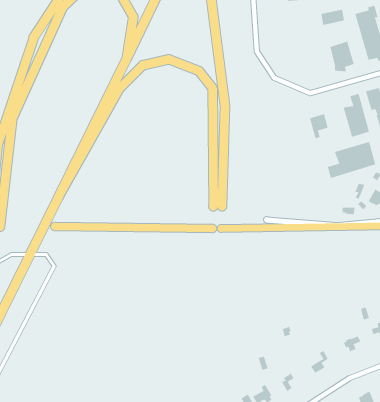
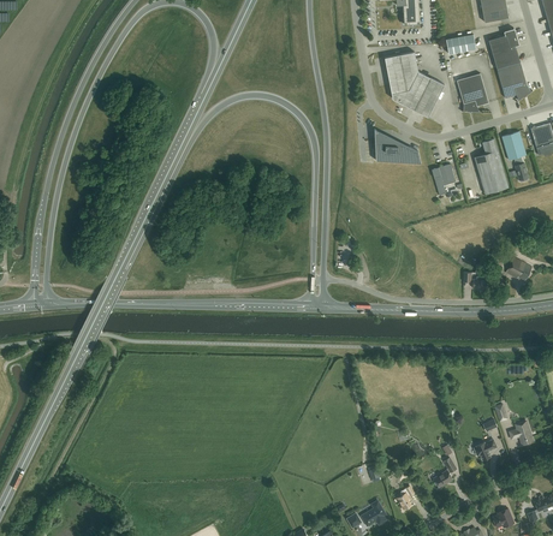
building: none -> [385,52,444,117]
building: none -> [375,136,421,163]
building: [327,141,376,179] -> none

